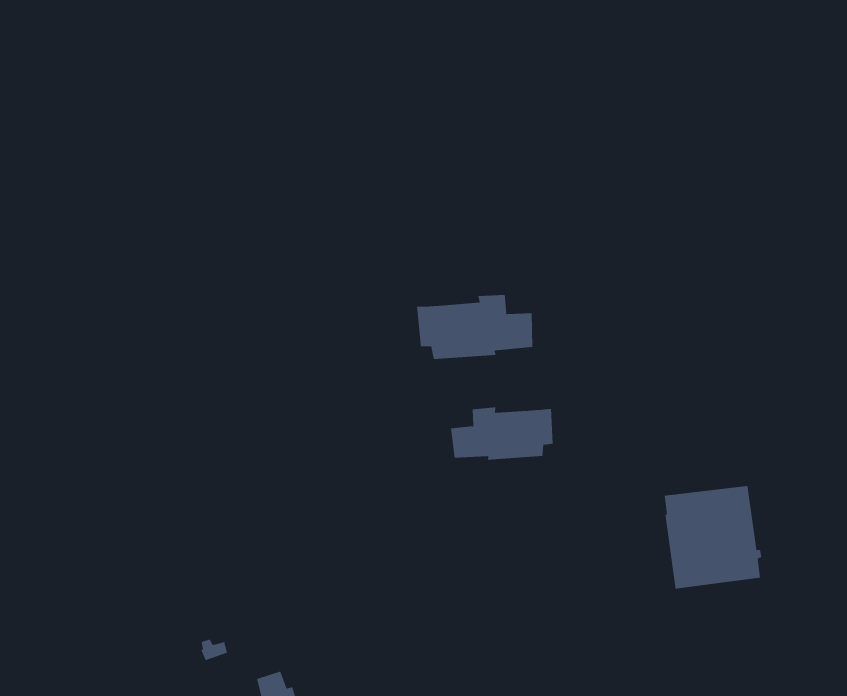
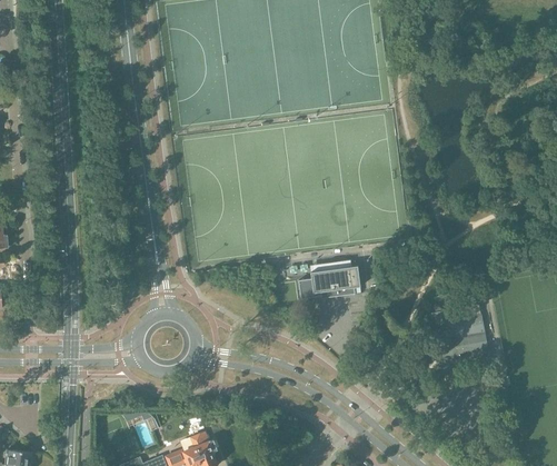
building: [416,294,533,360] -> none

